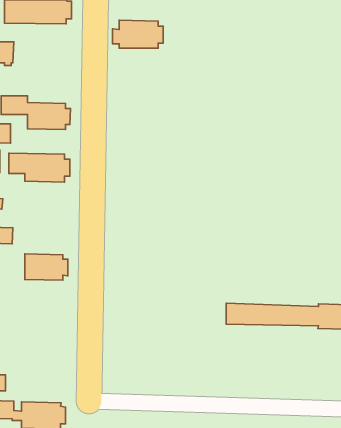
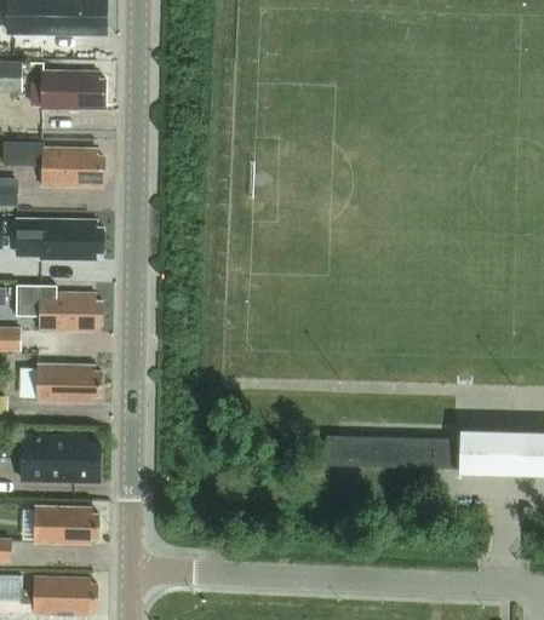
building: [112,20,163,48] -> [32,70,104,110]
building: none -> [16,285,102,332]
building: none -> [21,435,99,481]
building: none -> [34,505,98,545]

